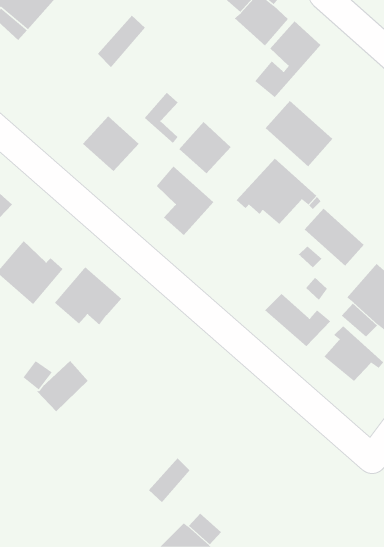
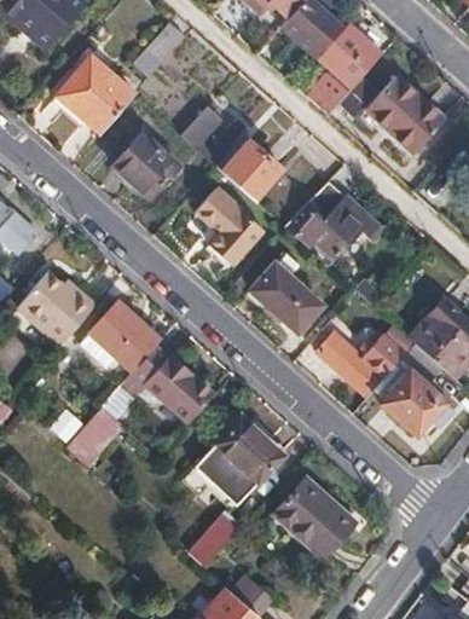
building: none -> [52,57,137,134]
building: [265,100,333,167] -> [369,76,445,151]
building: [304,208,365,266] -> [254,264,322,329]
building: none -> [112,357,213,426]
building: none -> [196,417,280,503]
building: none -> [276,478,349,556]

